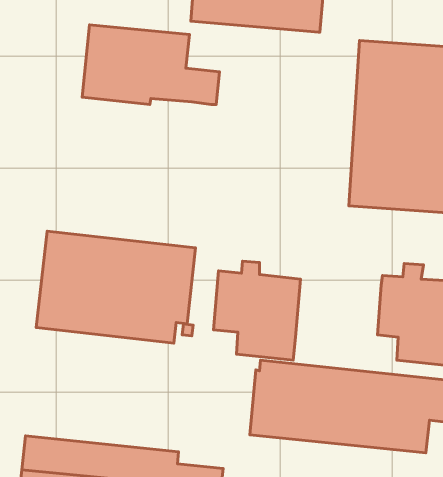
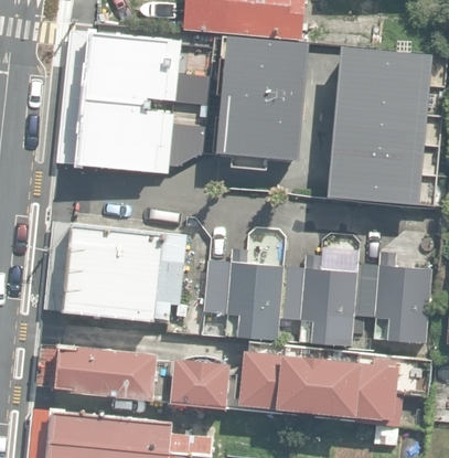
building: none -> [211,40,306,169]
building: none -> [76,99,204,175]
building: none -> [279,255,357,347]
building: none -> [32,344,231,408]

